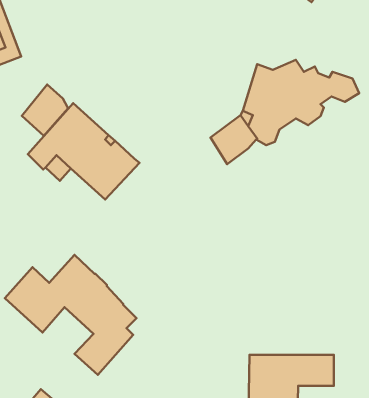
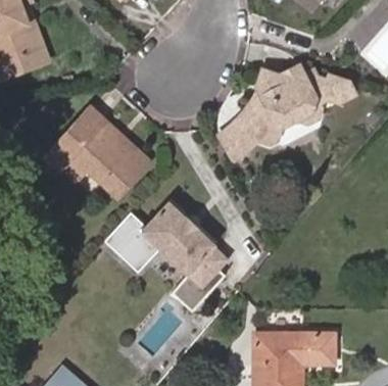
building: [22,85,68,136] -> none
building: [5,255,137,375] -> [106,202,228,312]

